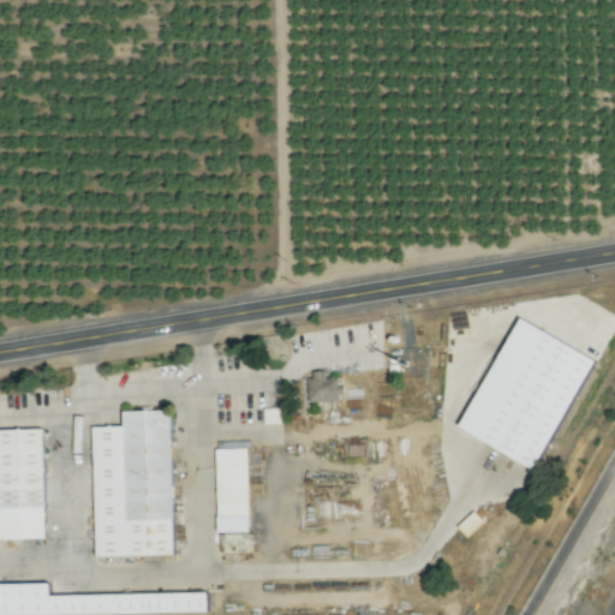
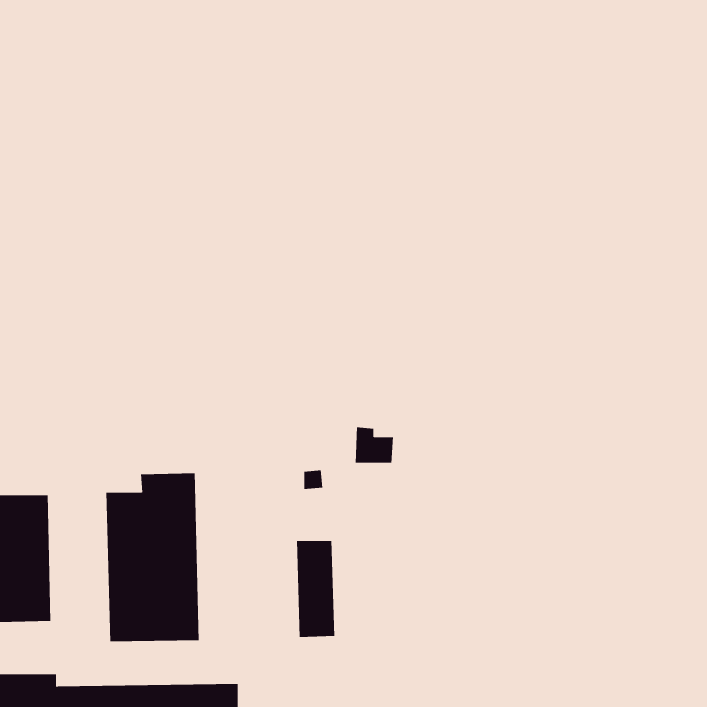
building: [459,318,593,470] -> none
building: [214,449,247,533] -> [296,541,335,638]

